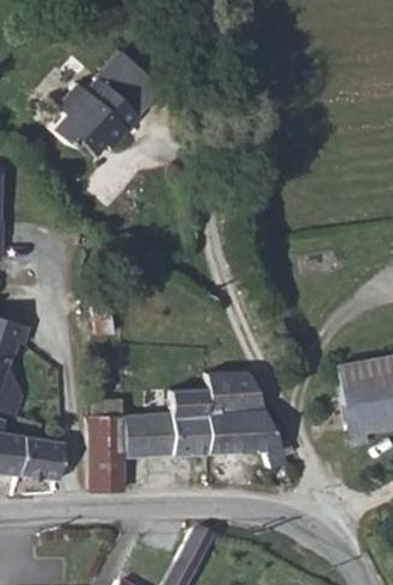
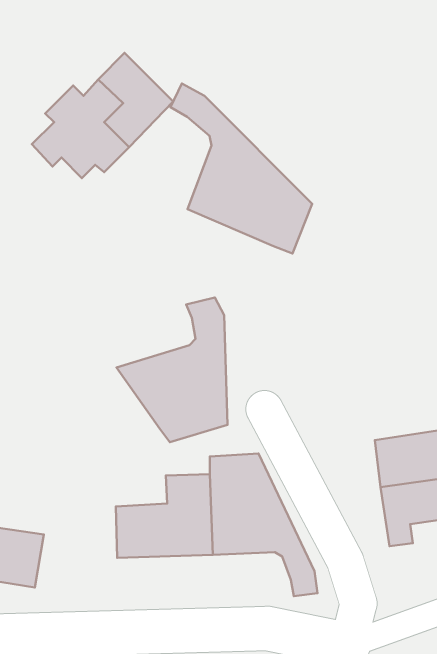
building: none -> [171,84,312,253]
building: none -> [117,297,228,442]
building: [90,415,128,491] -> none

